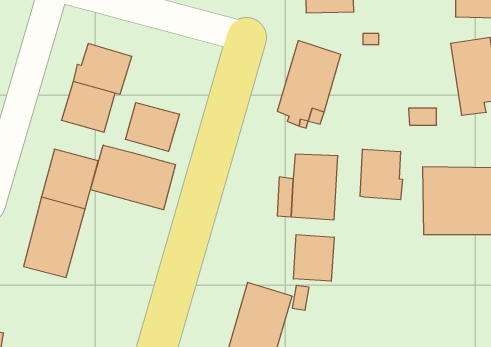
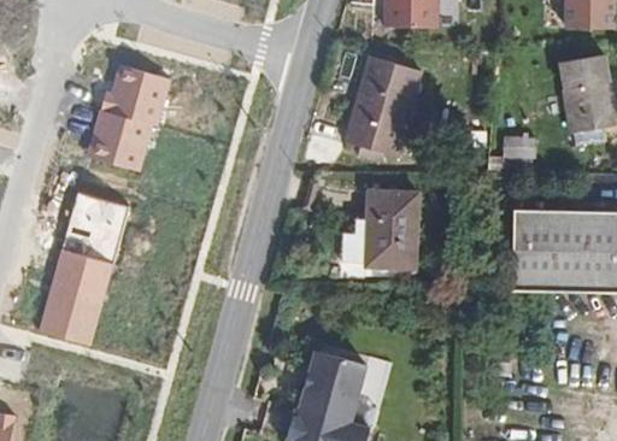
building: [126,103,179,151] -> none
building: [90,145,175,210] -> none
building: [360,149,402,200] -> none
building: [293,235,334,281] -> none

